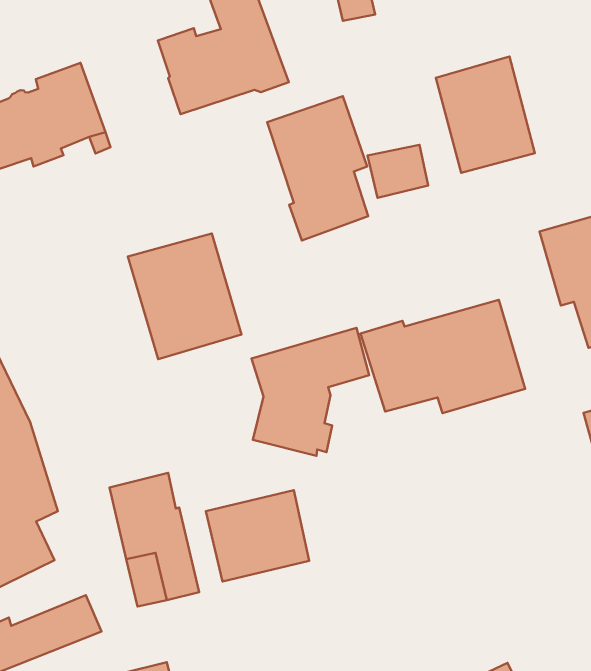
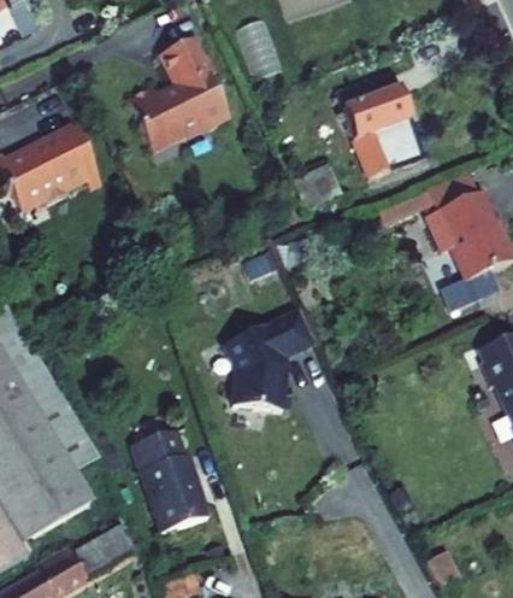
building: [267,96,368,241] -> none
building: [128,233,242,359] -> none
building: [361,300,525,413] -> none
building: [206,490,309,581] -> none

